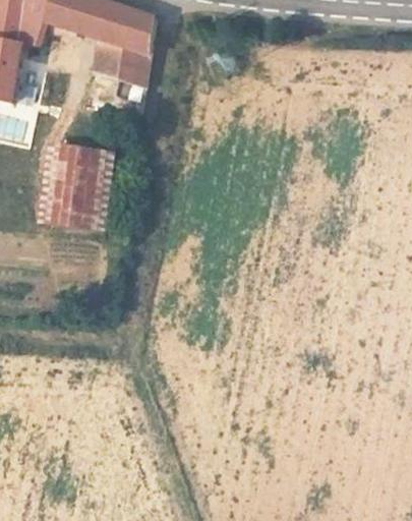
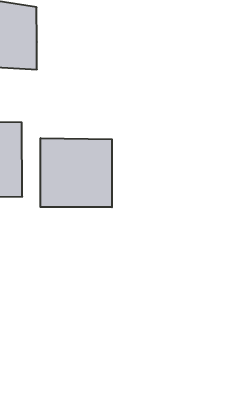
building: none -> [40,138,112,207]

